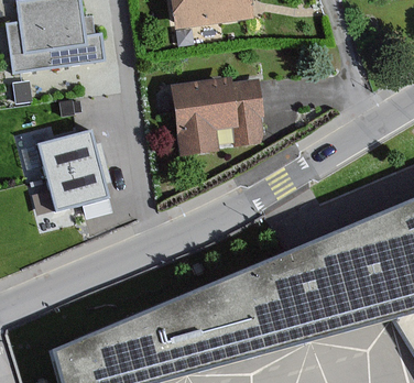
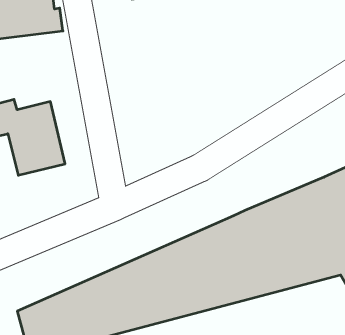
building: [175,80,264,153] -> none

